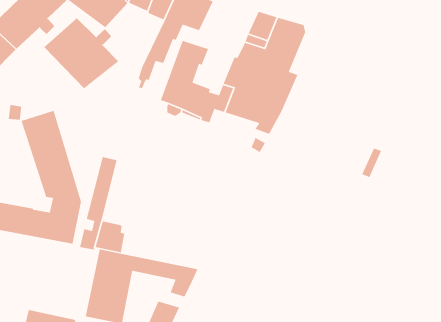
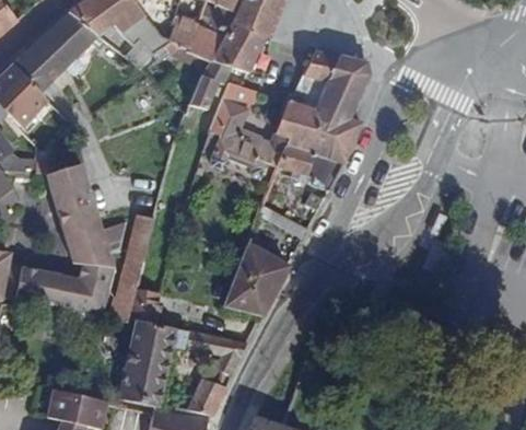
building: [44,18,119,89] -> none
building: none -> [222,241,289,315]

